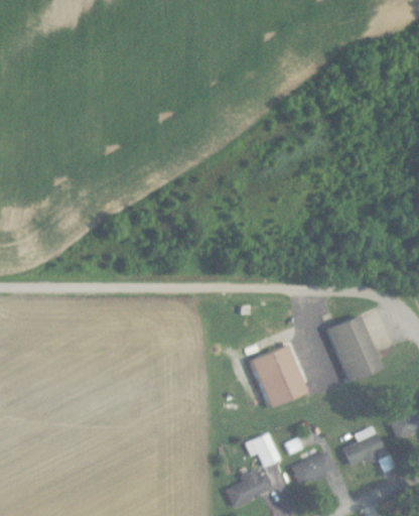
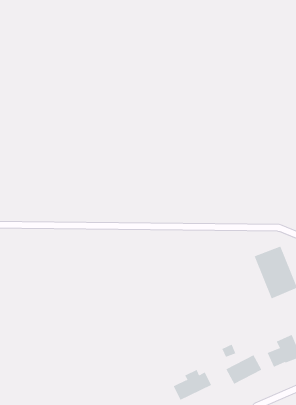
building: [250,346,306,408] -> none
building: [247,432,282,468] -> none

